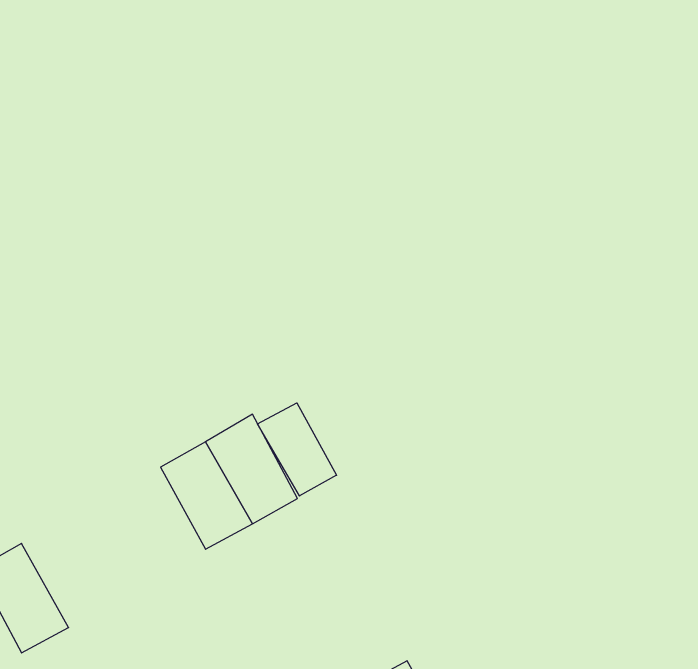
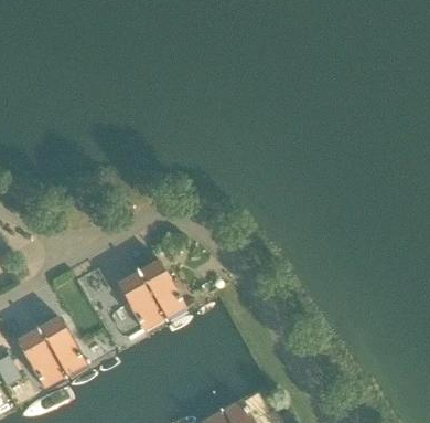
building: [258,403,337,496] -> none
building: none -> [28,318,79,380]

